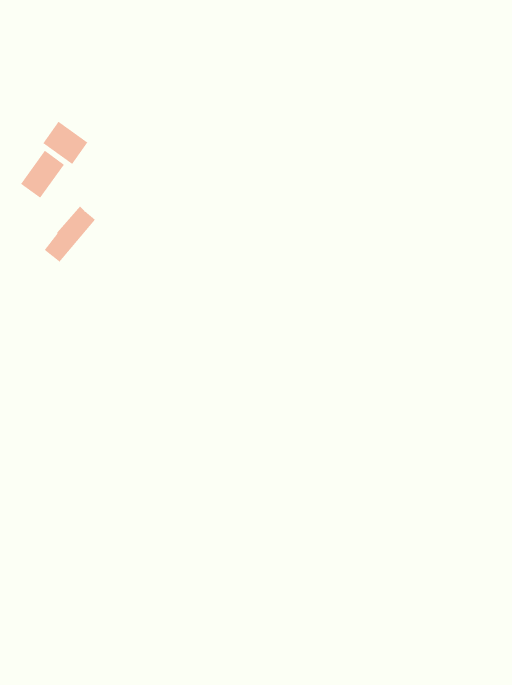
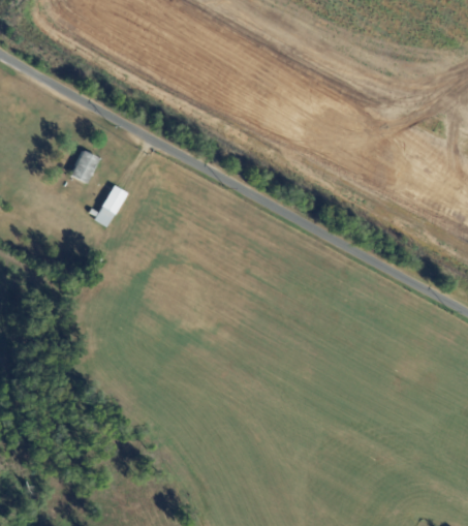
building: [43,121,88,165] -> none

